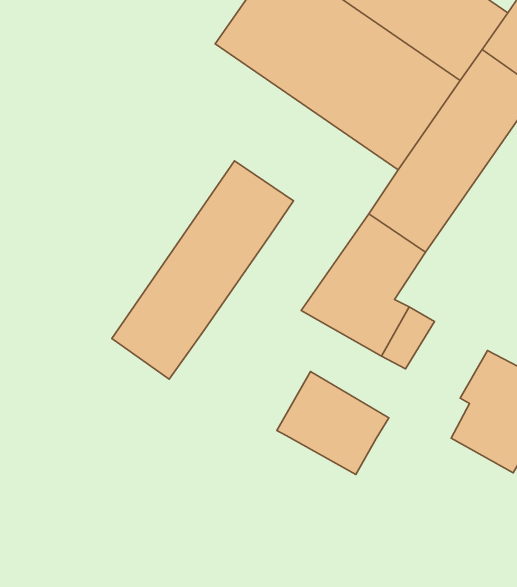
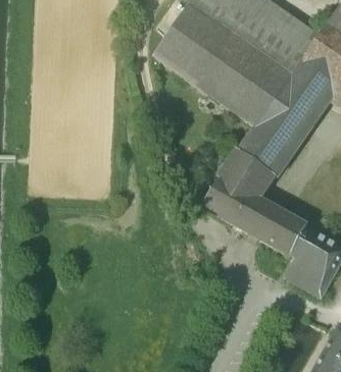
building: [112,161,294,379] -> none
building: none -> [260,210,306,253]
building: [277,372,389,475] -> none

